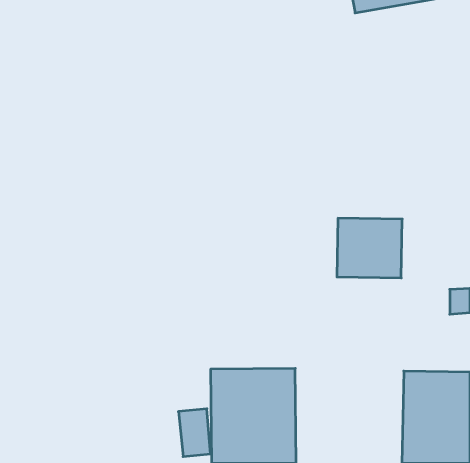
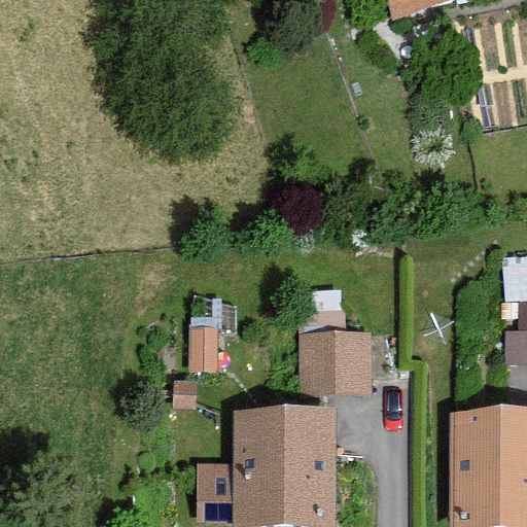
building: [337,218,402,278] -> [301,328,374,395]

